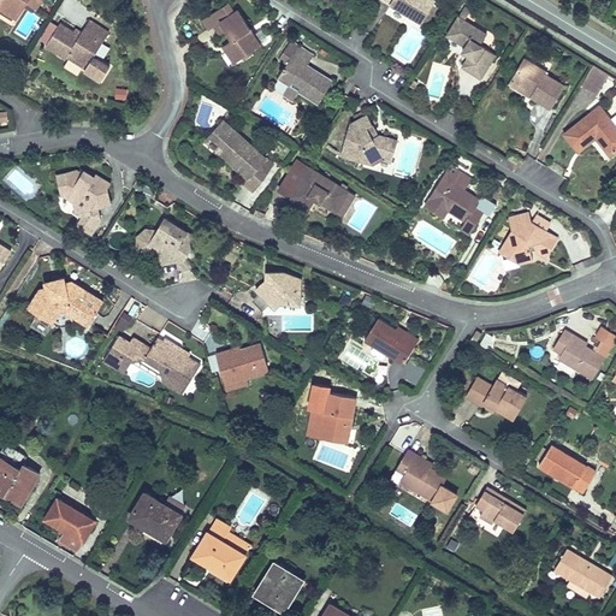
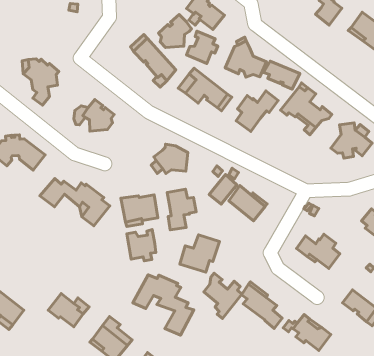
building: none -> [158,14,192,48]
building: none -> [187,31,218,64]
building: none -> [263,61,300,89]
building: none -> [236,91,278,131]
building: none -> [209,174,237,204]
building: none -> [167,189,196,230]
building: none -> [127,230,156,261]
building: none -> [204,273,242,318]
building: none -> [133,275,194,335]

